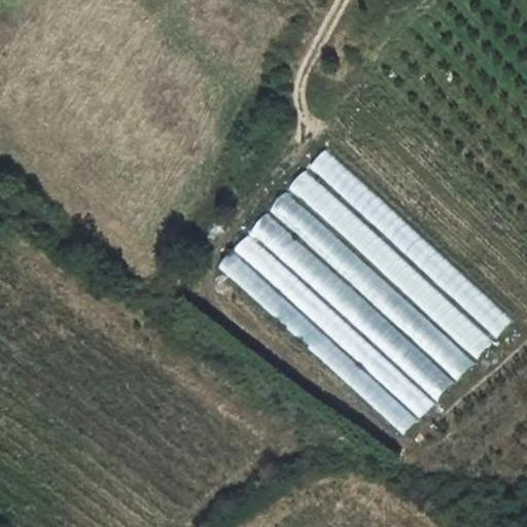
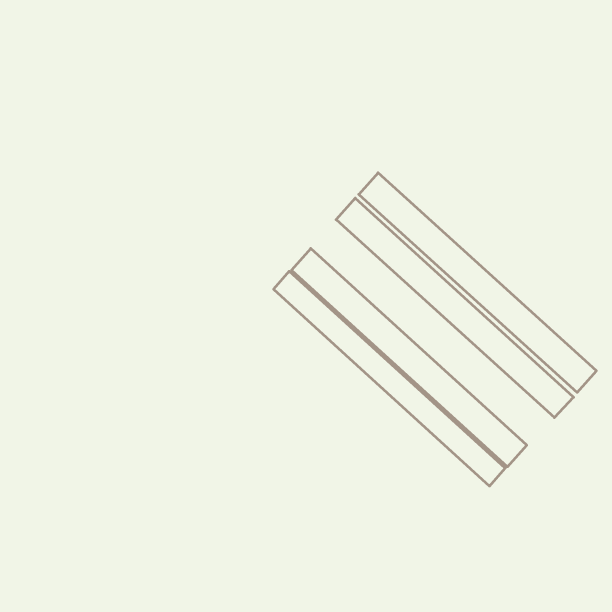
building: [270,191,471,378] -> none
building: [217,251,417,435] -> none

